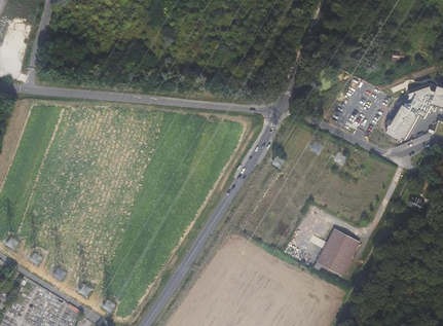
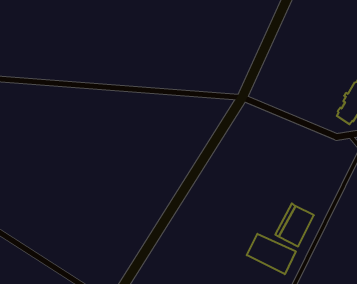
building: none -> [247,234,296,274]

